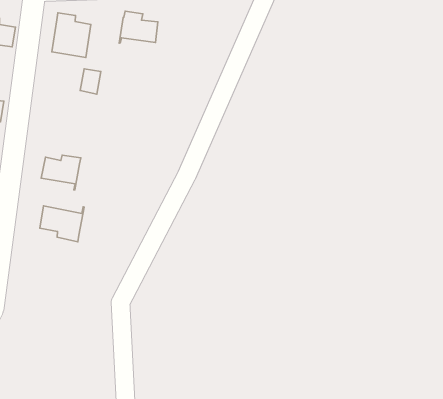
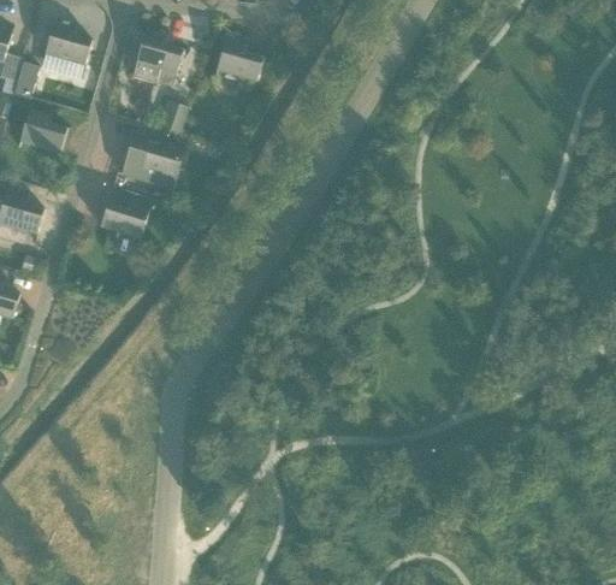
building: none -> [119,141,183,190]
building: [40,206,84,242] -> none

